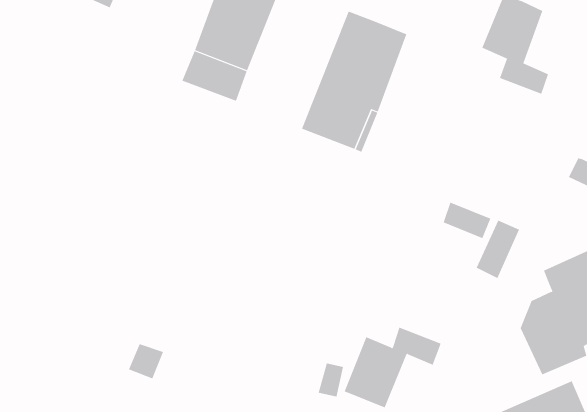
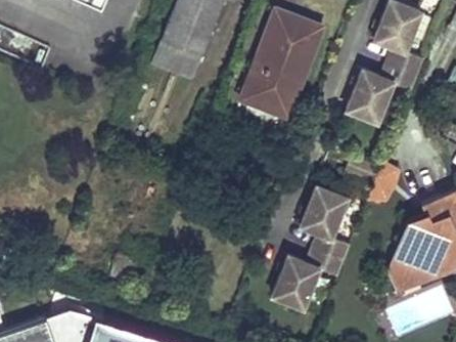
building: none -> [348,60,420,120]
building: none -> [301,183,352,258]
building: none -> [387,212,427,292]

